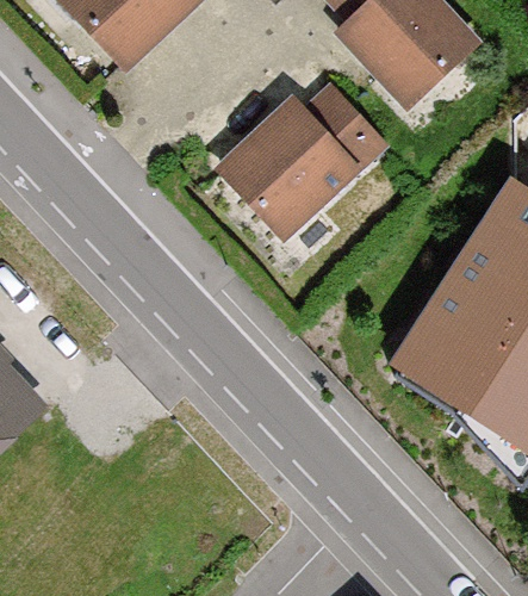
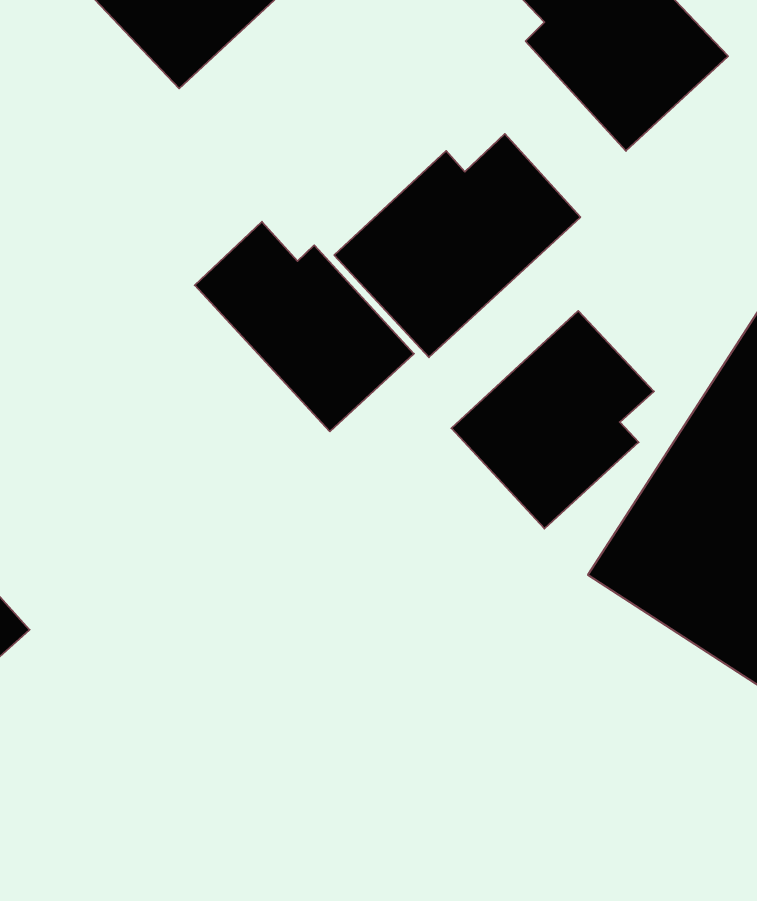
building: none -> [195,222,414,431]
building: none -> [451,311,654,529]

